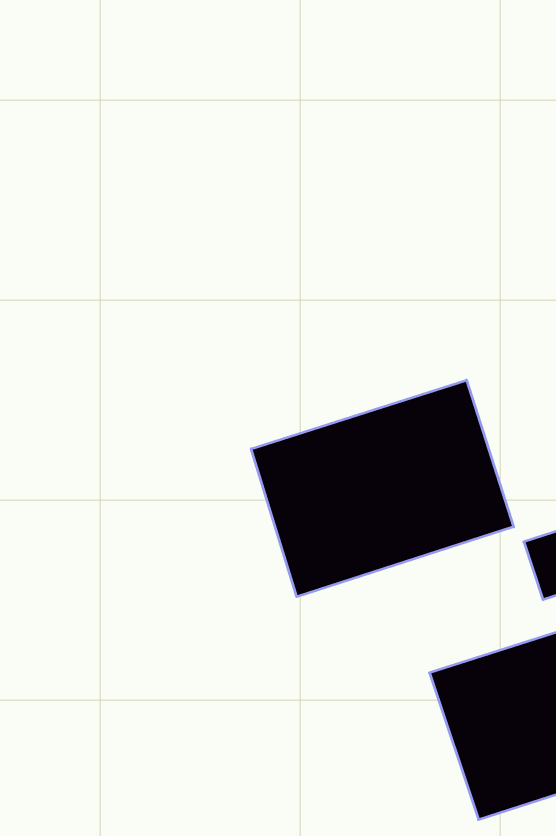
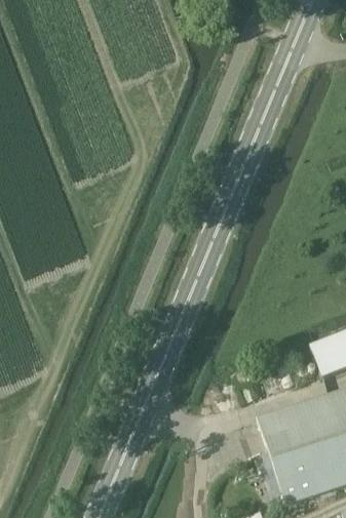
building: [251,380,514,597] -> none

